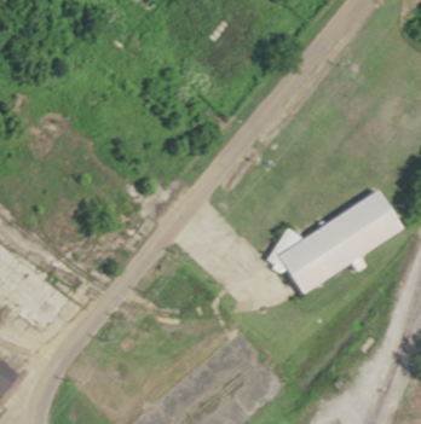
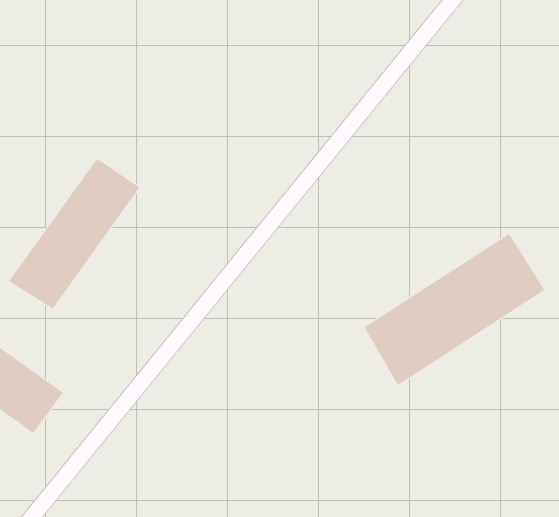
building: none -> [8,158,140,310]

